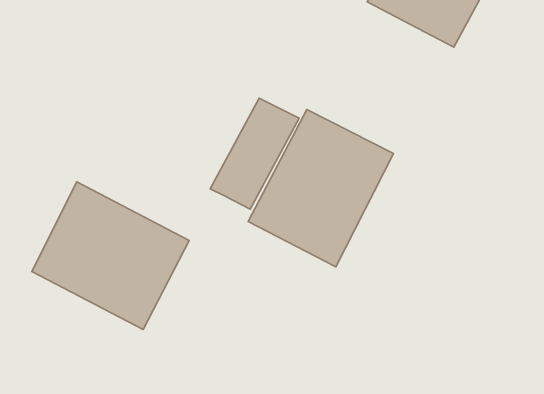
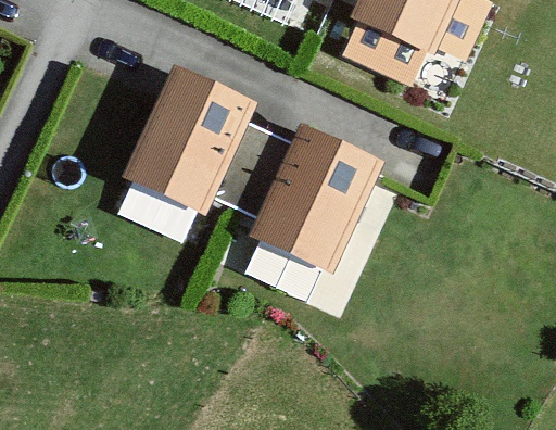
building: none -> [123,64,255,211]
building: [32,182,189,329] -> none

